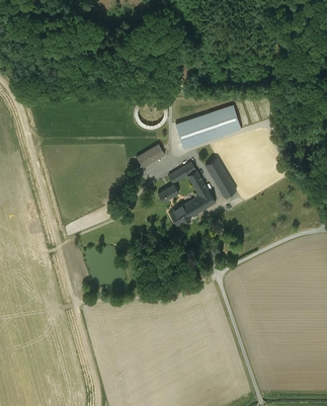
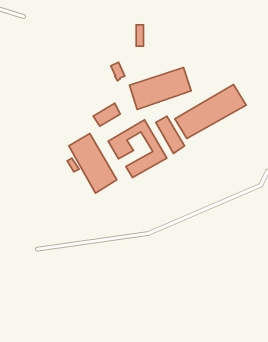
building: none -> [175,85,246,139]
building: none -> [69,133,117,193]

